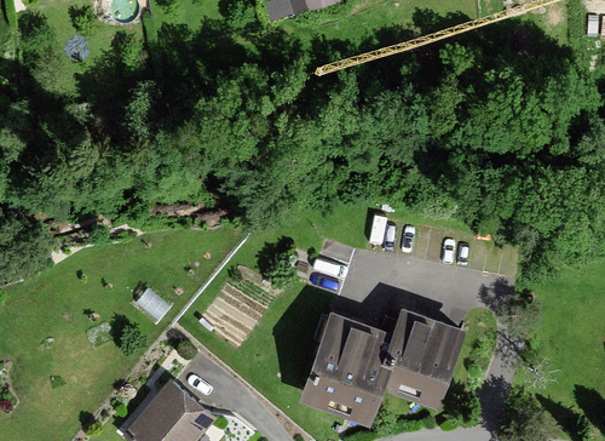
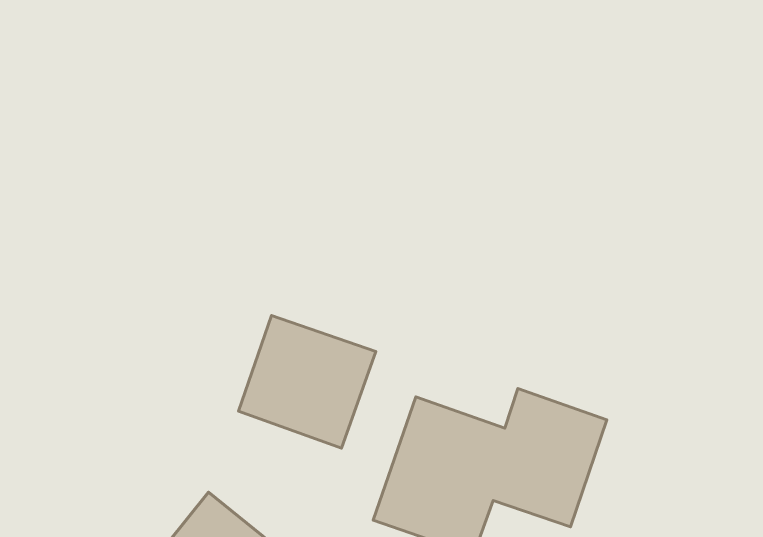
building: none -> [239,316,376,448]

